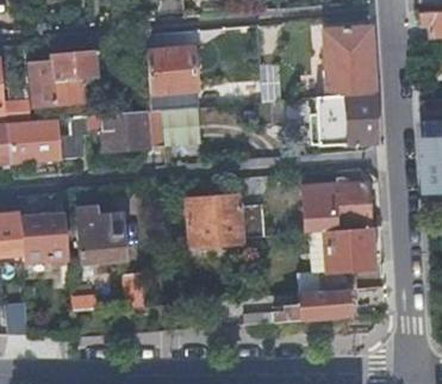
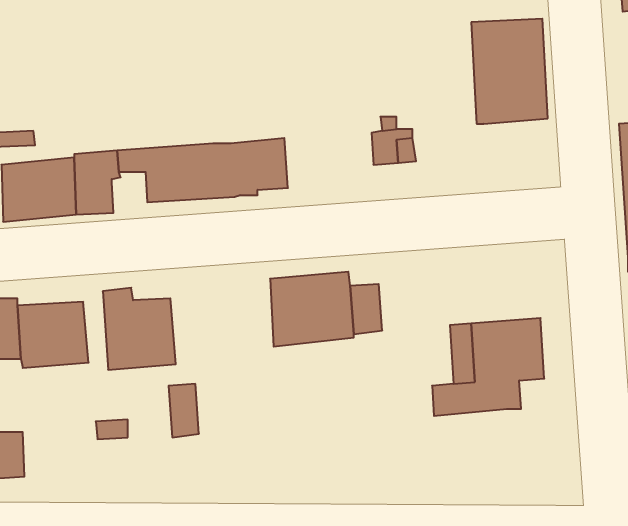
building: [144,48,197,110] -> none
building: [29,50,97,105] -> none
building: [316,93,375,145] -> none
building: [317,182,368,227] -> none
building: [273,287,348,321] -> none

